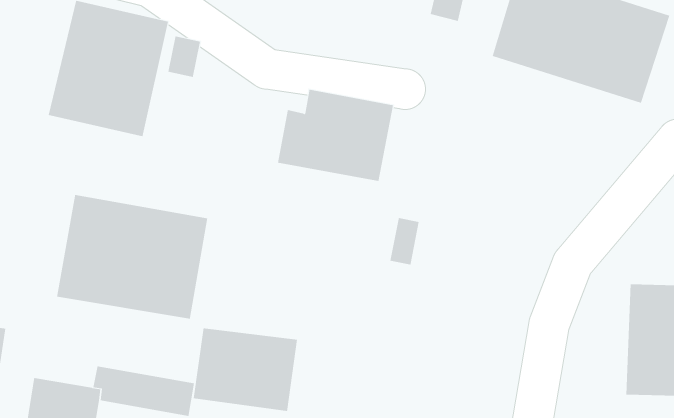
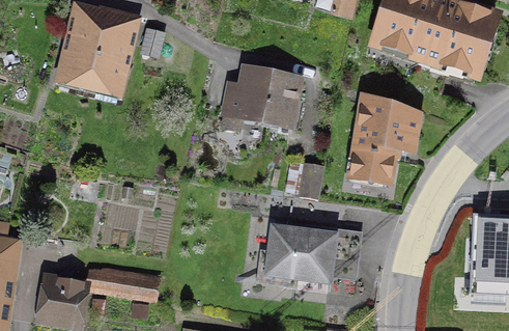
building: none -> [346,95,426,186]
building: [57,194,208,320] -> none
building: [193,328,298,411] -> [263,226,339,286]

